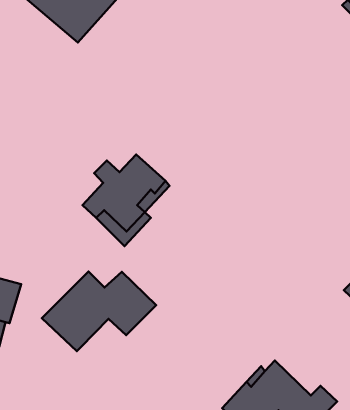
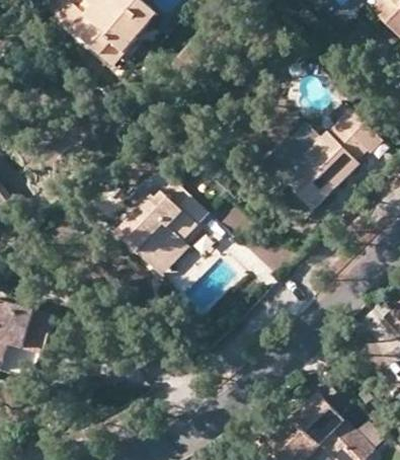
building: none -> [264,106,381,209]
building: [42,271,156,351] -> none

